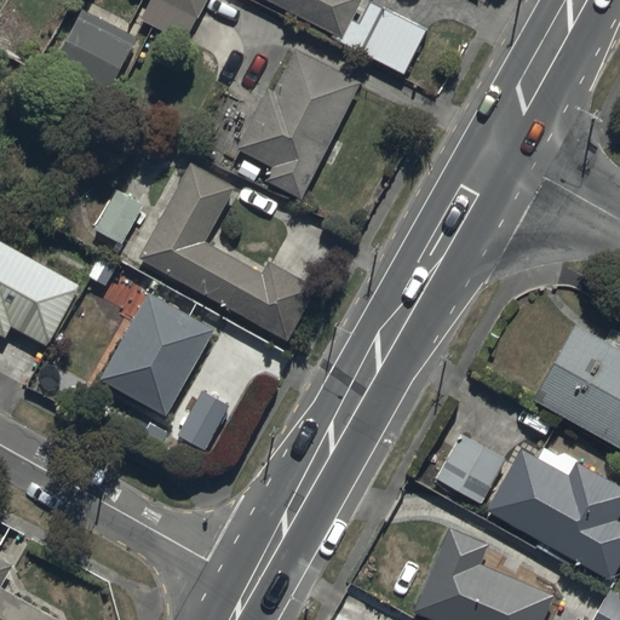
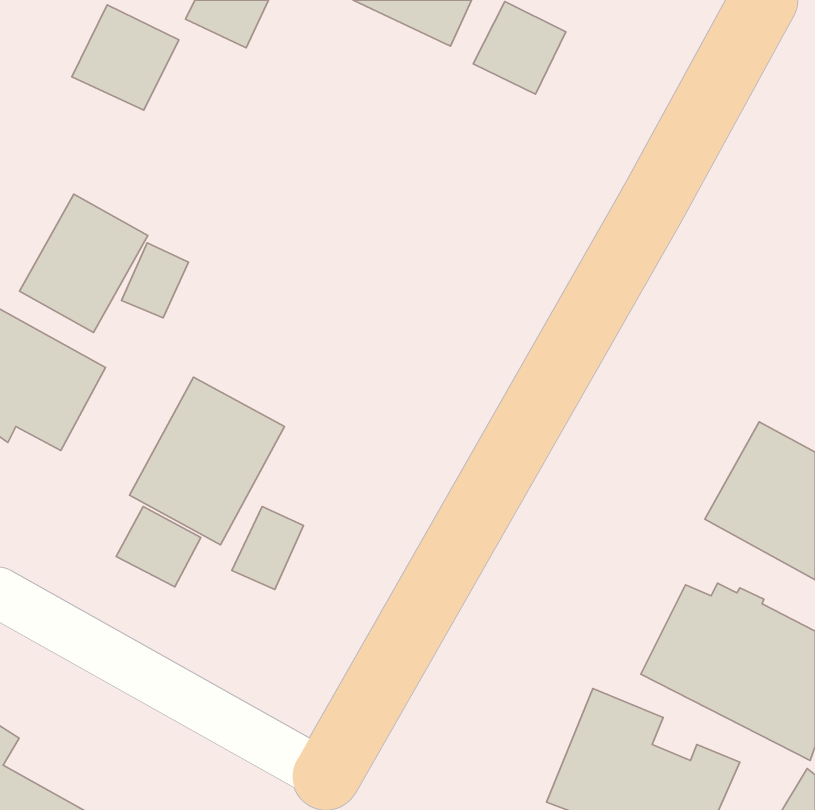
building: [236,48,361,200] -> none
building: none -> [20,194,148,332]
building: [137,165,318,341] -> none
building: none -> [116,506,201,587]
building: [441,434,506,498] -> none

